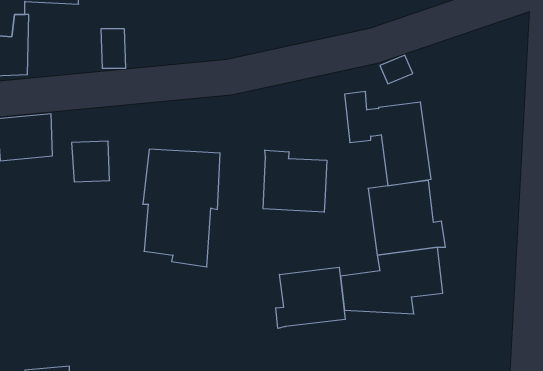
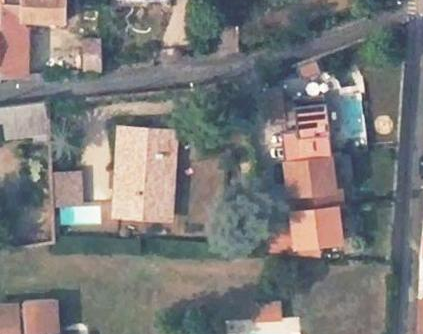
building: [72,141,110,182] -> [47,174,76,205]
building: [263,150,327,212] -> none
building: [276,267,345,328] -> none

